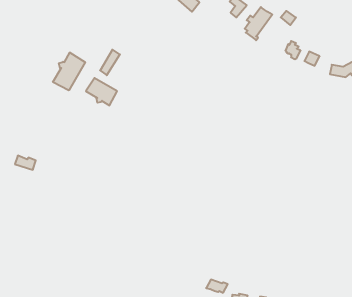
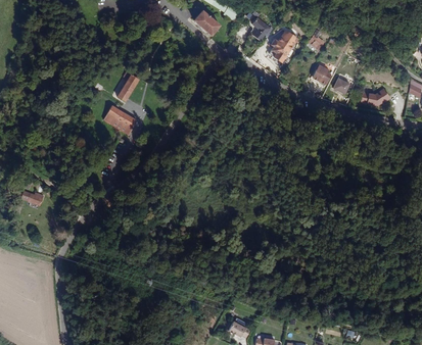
building: [53,52,85,90] -> none

